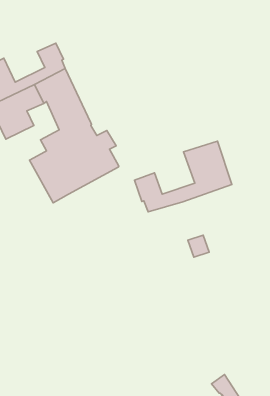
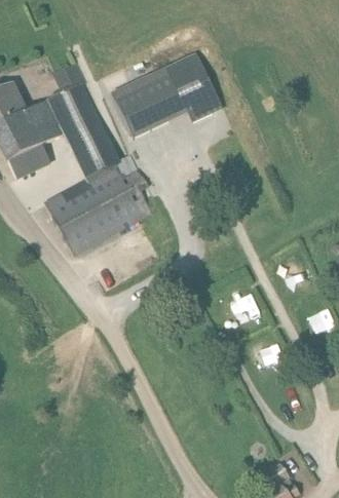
building: none -> [110,49,214,138]
building: [135,141,232,212] -> none

